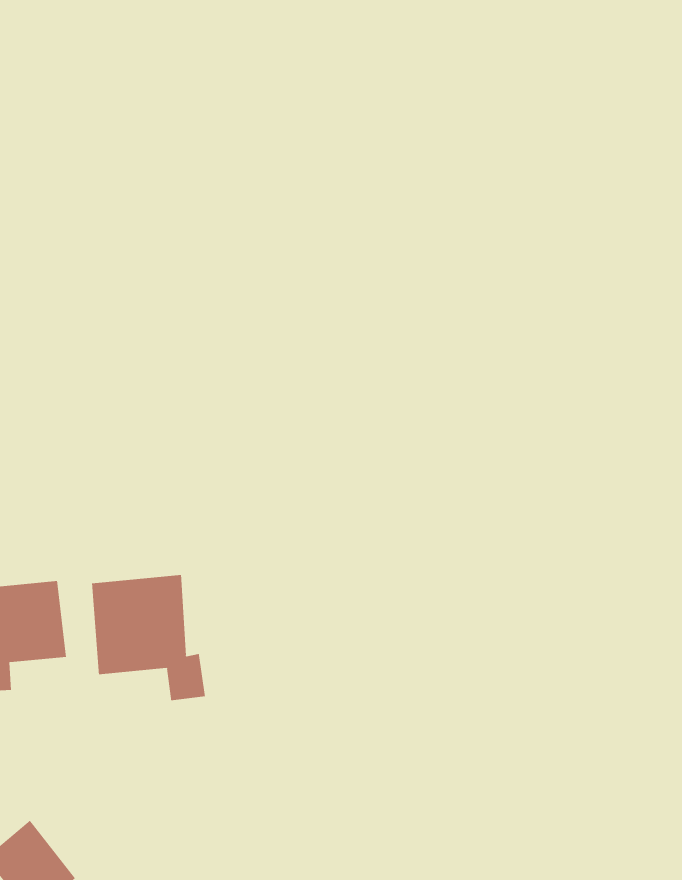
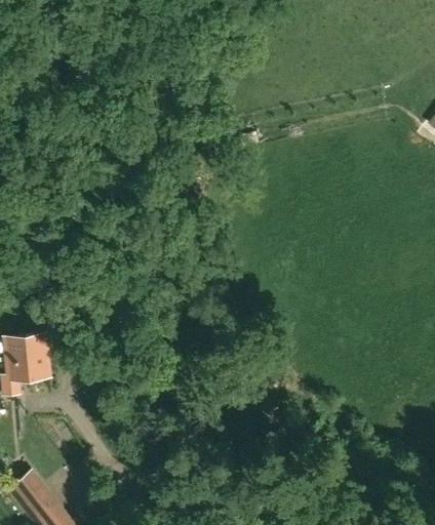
building: [91,574,206,701] -> none

